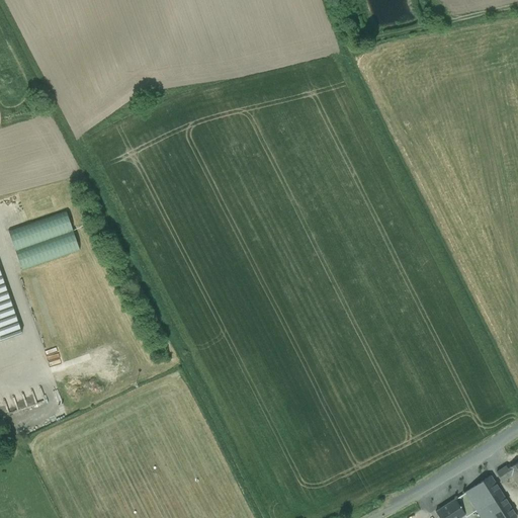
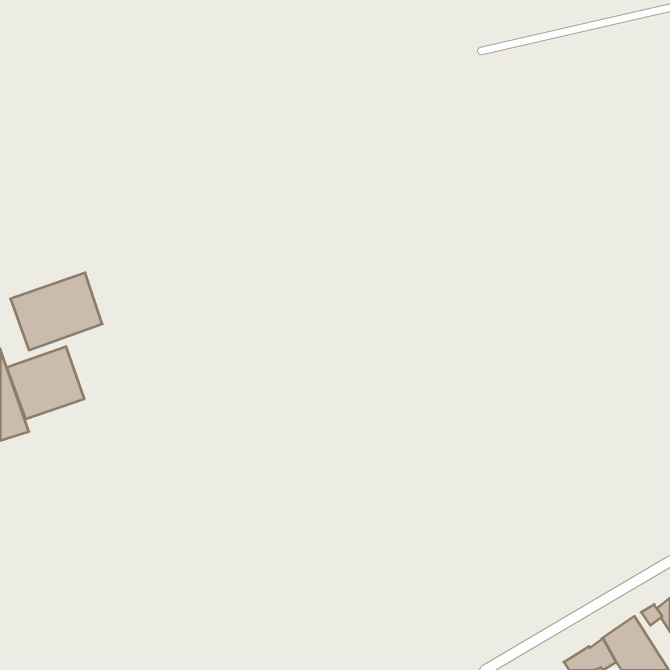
building: none -> [7,346,84,419]

